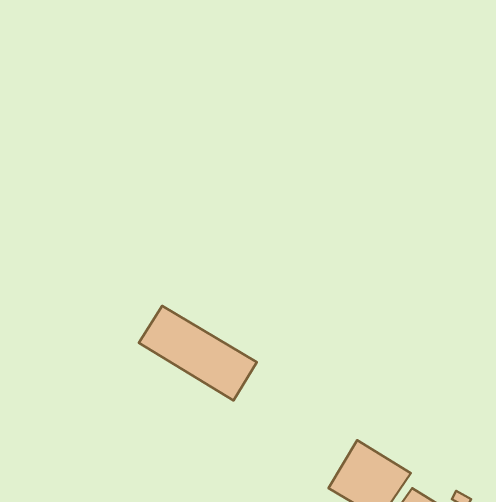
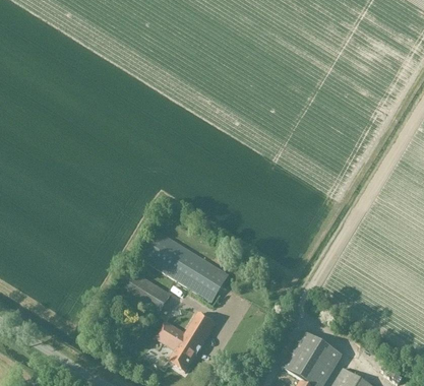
building: none -> [122,272,172,317]
building: none -> [157,313,216,373]

